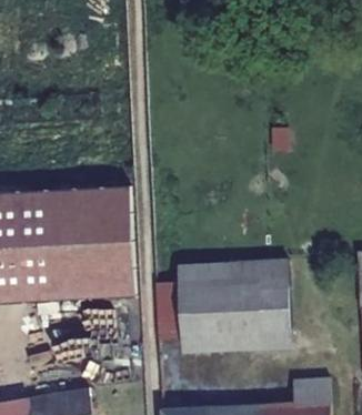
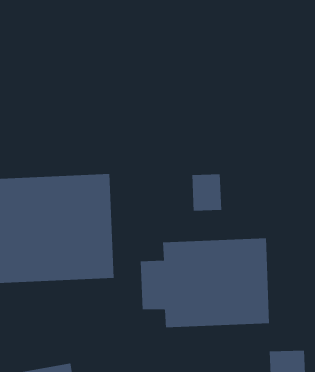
building: none -> [192,174,222,211]

